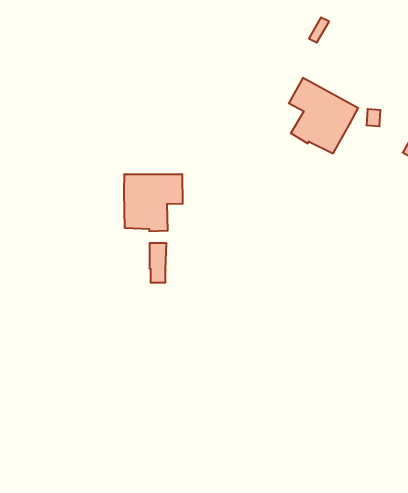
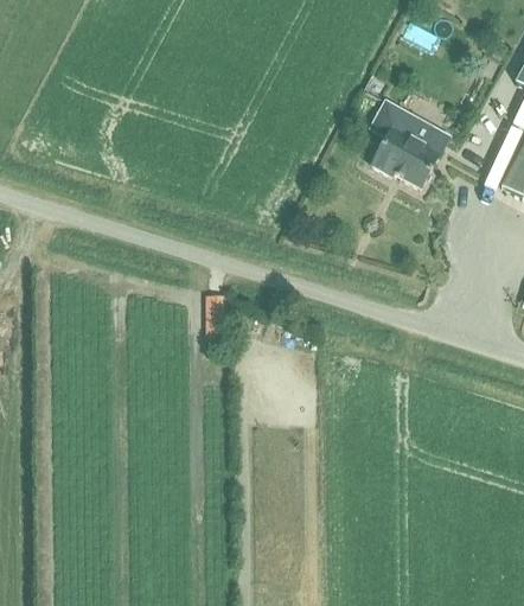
building: [124,174,182,231] -> none

